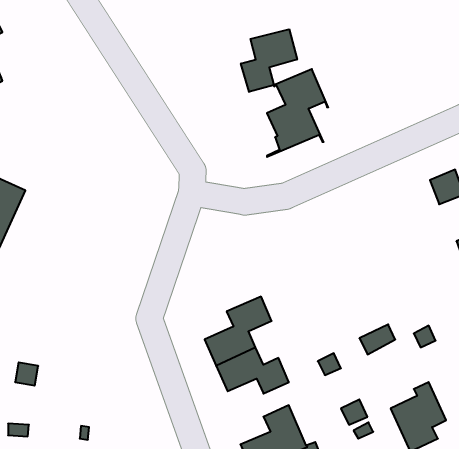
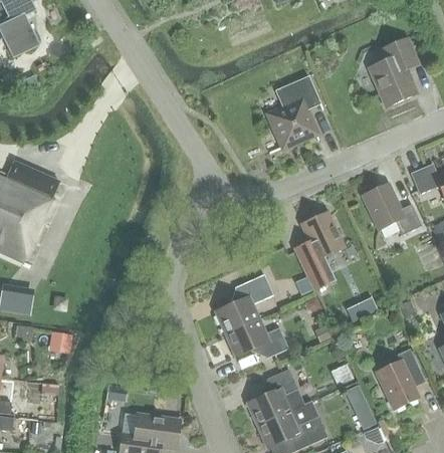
building: none -> [369,39,415,106]
building: [241,29,297,92] -> none
building: none -> [362,183,421,235]
building: none -> [293,212,344,290]

